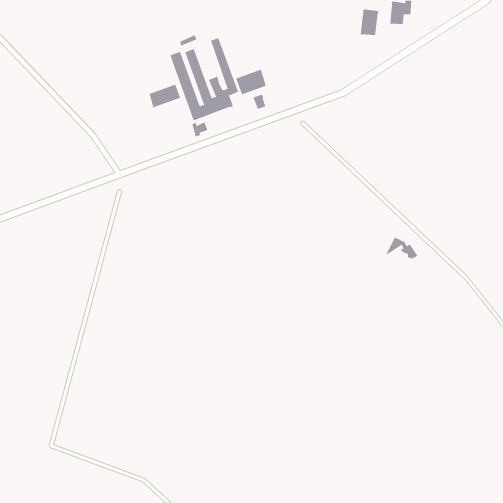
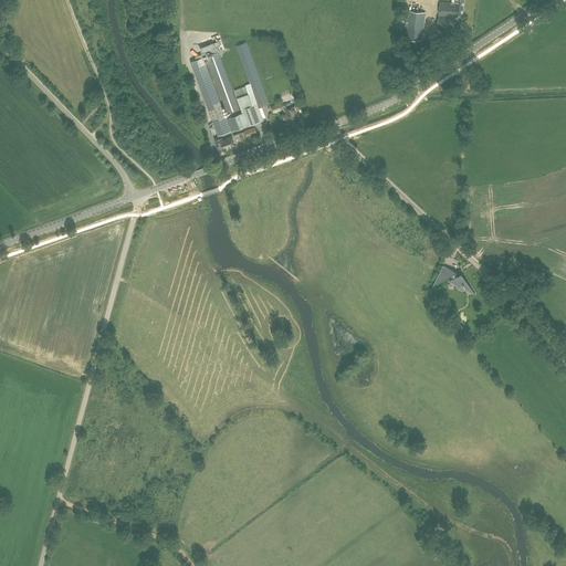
building: [236,69,266,95] -> none
building: [149,84,181,108] -> none

